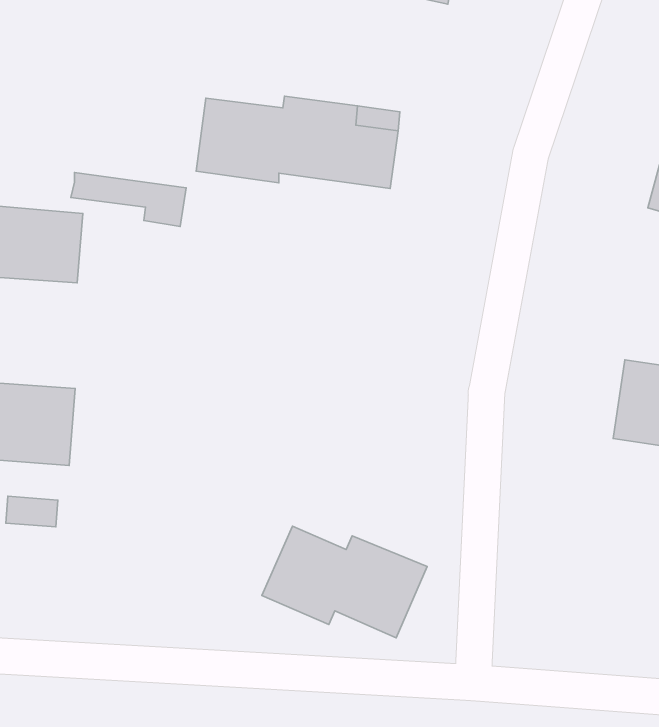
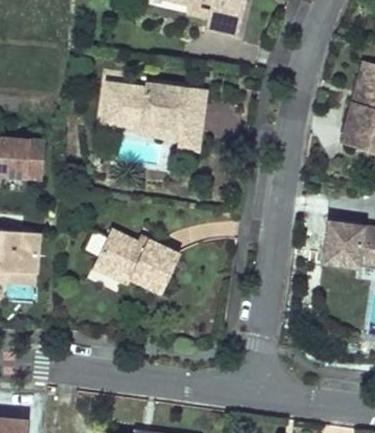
building: [71,173,186,226] -> [146,123,206,151]
building: [262,526,427,638] -> [104,233,190,291]

